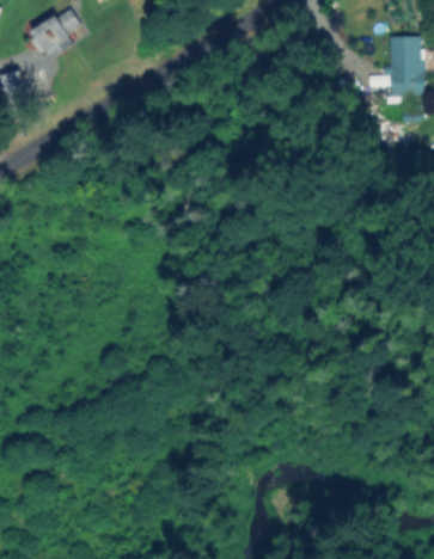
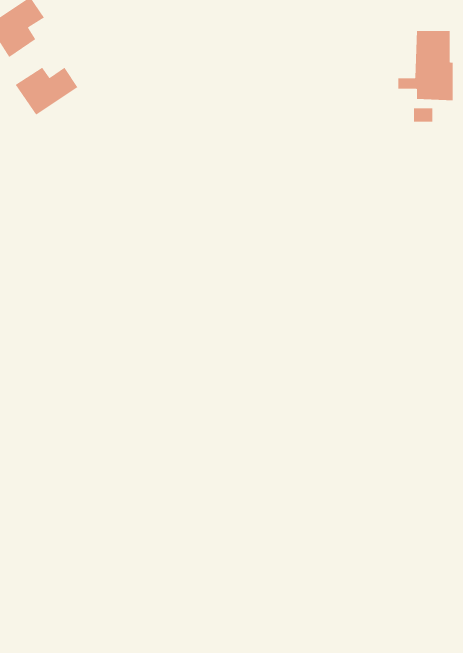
building: none -> [15,67,78,116]

